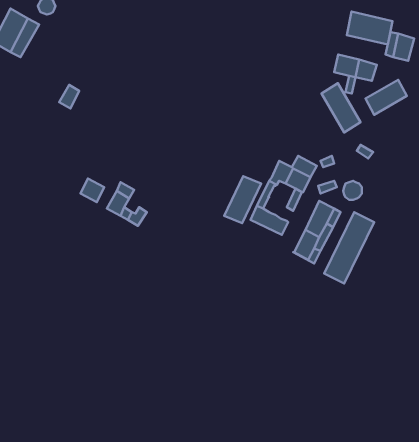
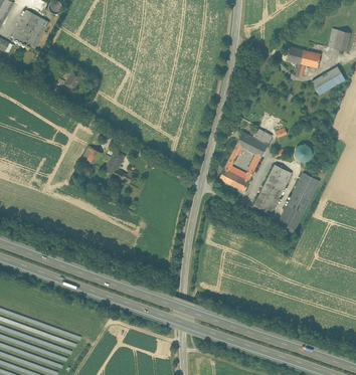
building: [347,12,392,45] -> none
building: [322,83,360,132] -> none
building: [224,176,261,223] -> none

